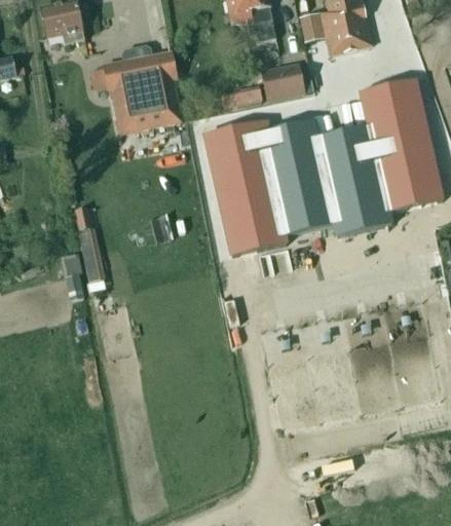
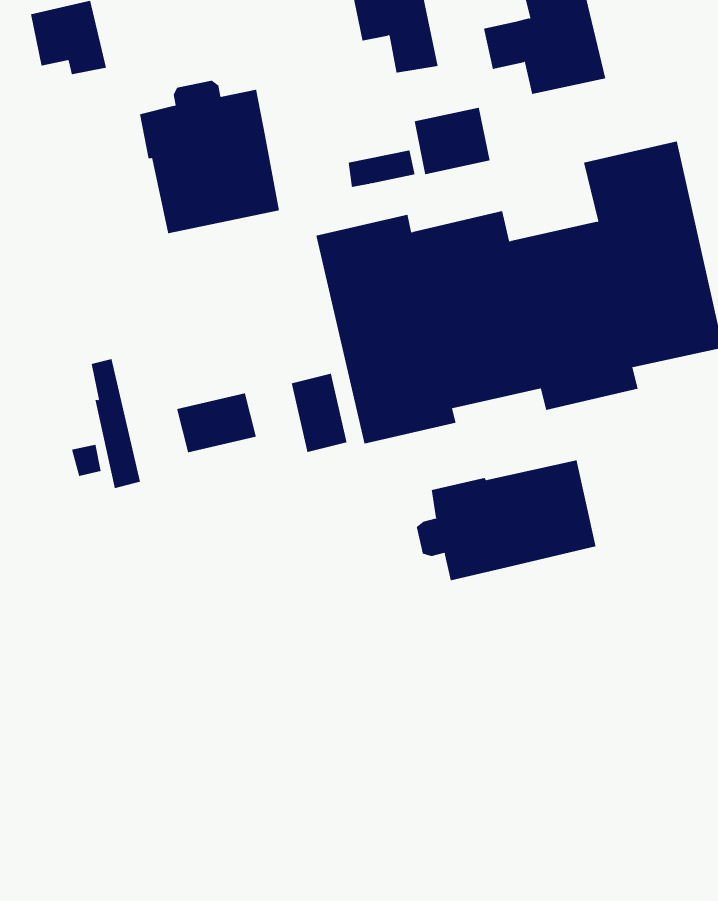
building: none -> [291,373,347,453]
building: none -> [176,393,256,453]
building: none -> [416,459,596,581]

